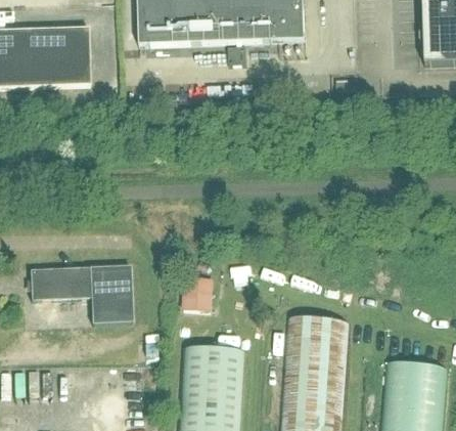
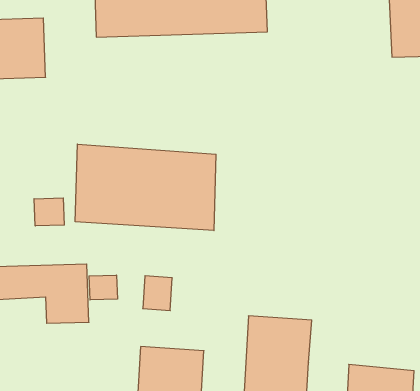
building: none -> [75,144,216,231]
building: none -> [34,198,64,226]
building: none -> [89,275,117,300]

